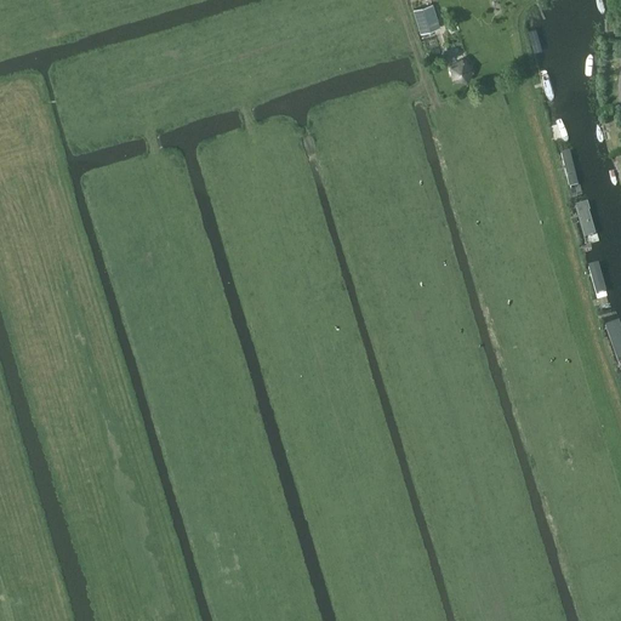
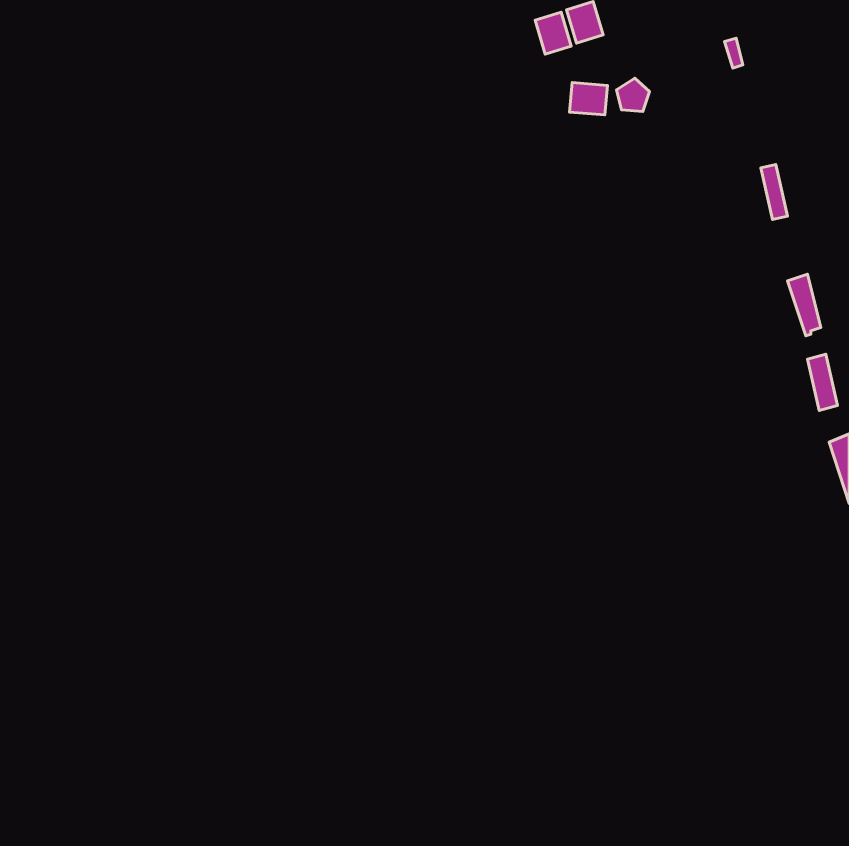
building: none -> [535,12,571,54]
building: none -> [570,83,607,115]

